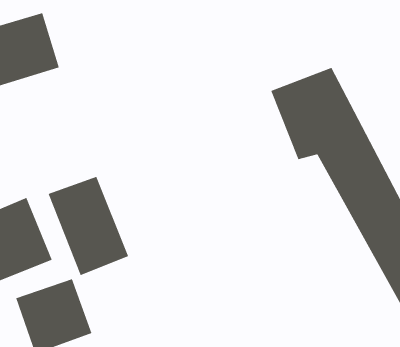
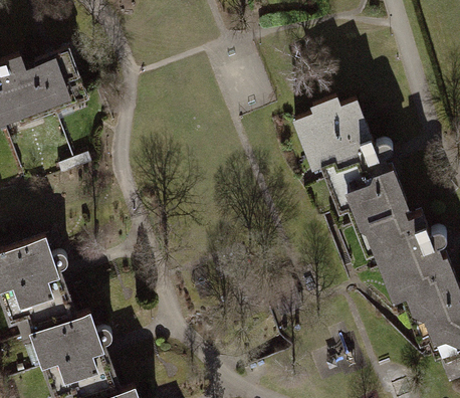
building: [48,176,129,276] -> none

